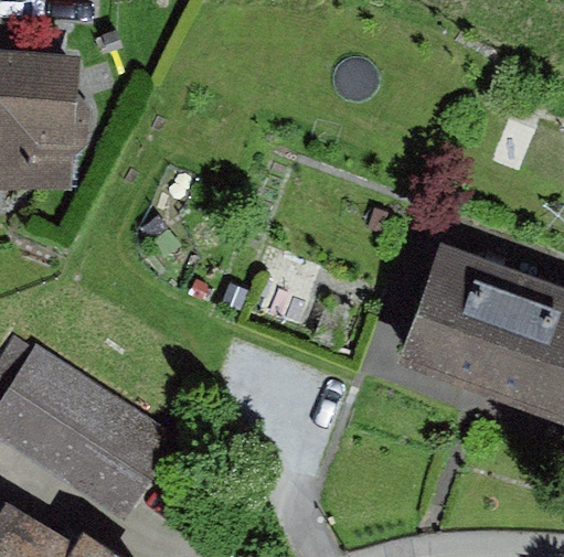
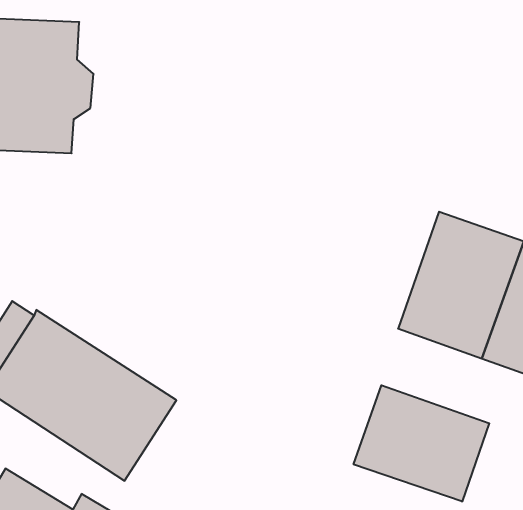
building: none -> [354,385,489,502]

